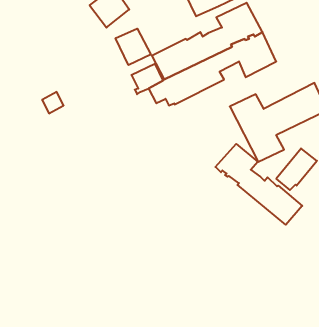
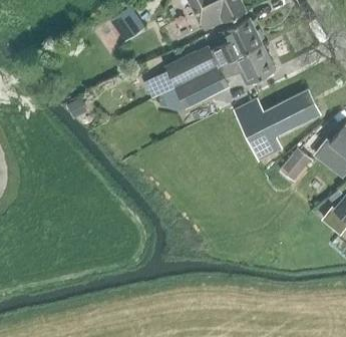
building: [116,29,151,65] -> none
building: [215,144,302,225] -> none

